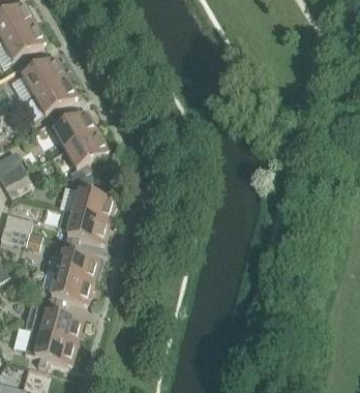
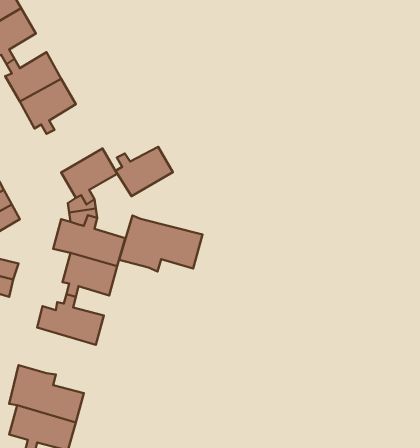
building: [52,111,96,149] -> [115,147,173,196]
building: none -> [119,216,202,272]
building: [41,269,91,305] -> none

